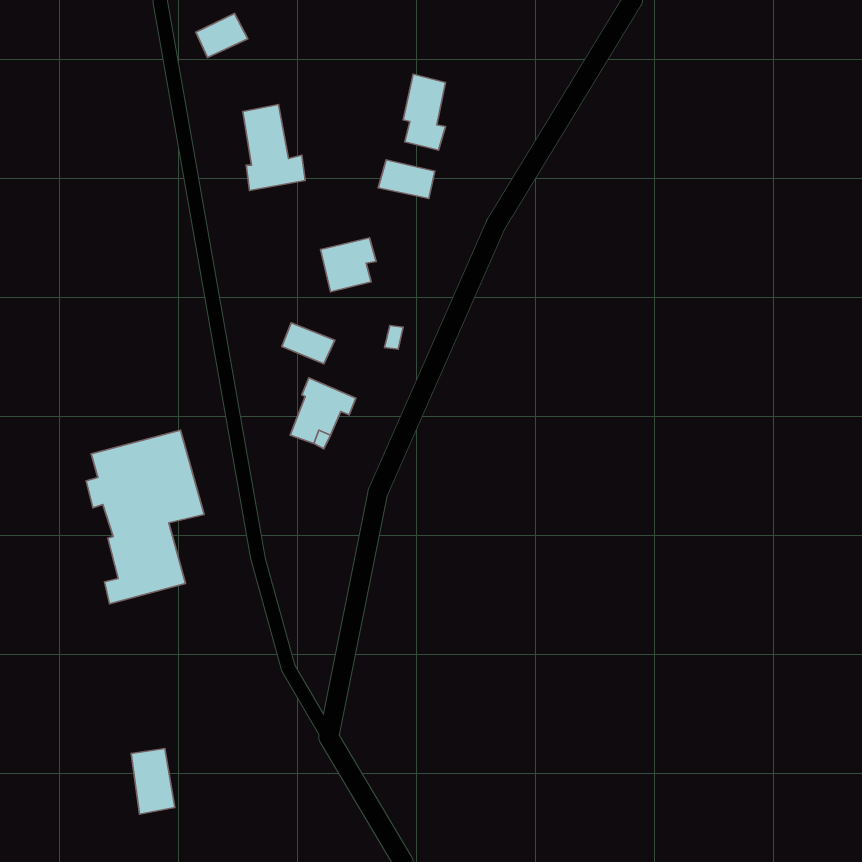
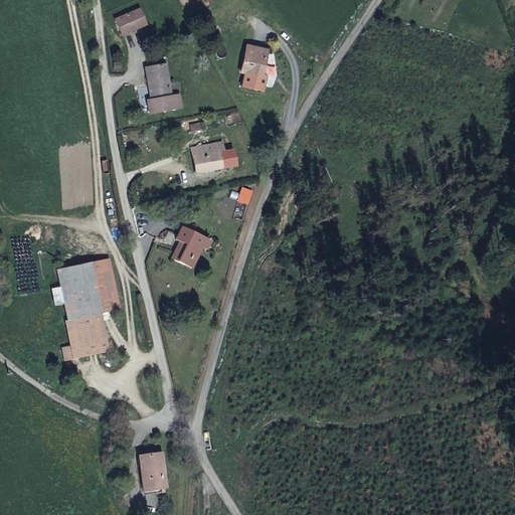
building: [378,160,435,199] -> none
building: [282,323,335,364] -> none
building: [131,748,175,814] -> [140,452,166,491]

